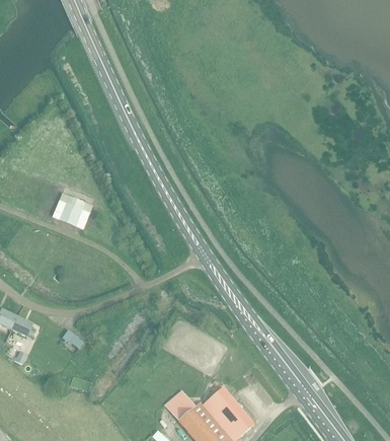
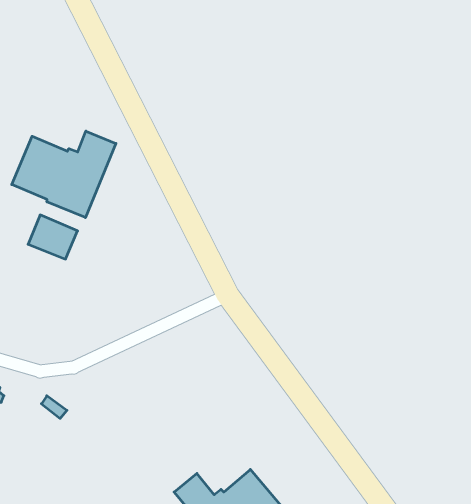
building: none -> [12,131,116,218]

